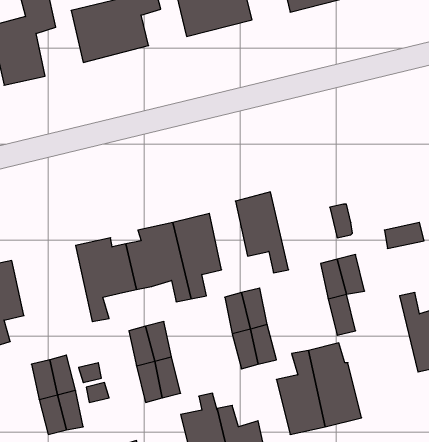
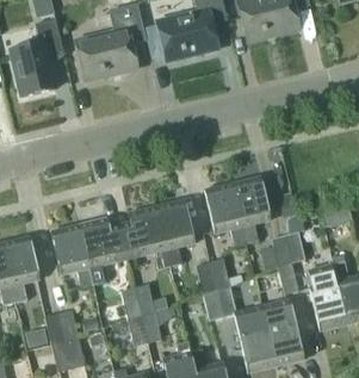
building: none -> [231,175,270,242]
building: none -> [50,223,92,286]
building: none -> [304,262,347,329]

